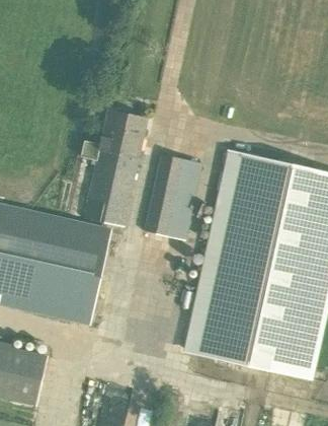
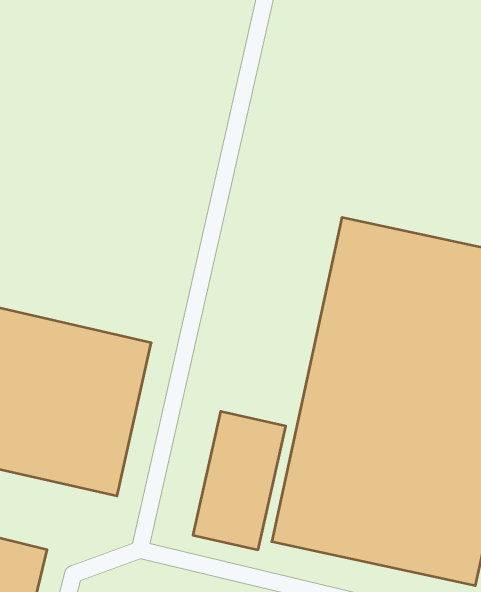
building: [80,110,147,225] -> none
building: [144,153,201,239] -> [193,411,286,550]

